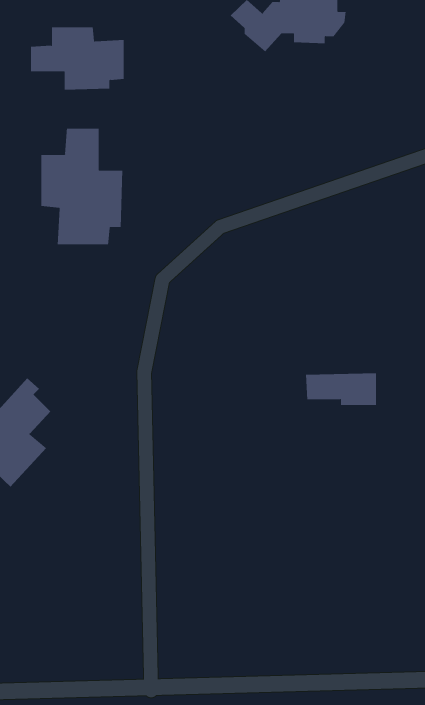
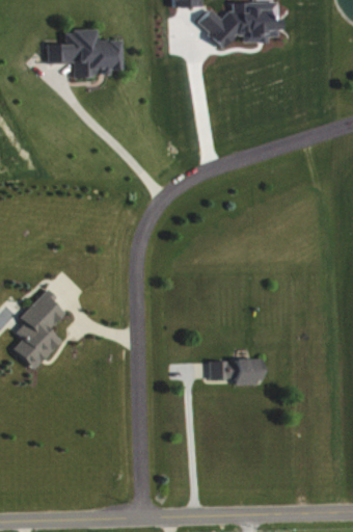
building: [41,128,123,245] -> none
building: [305,373,377,405] -> [210,360,263,383]

